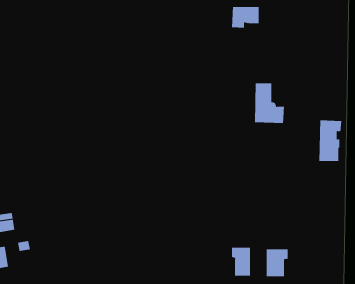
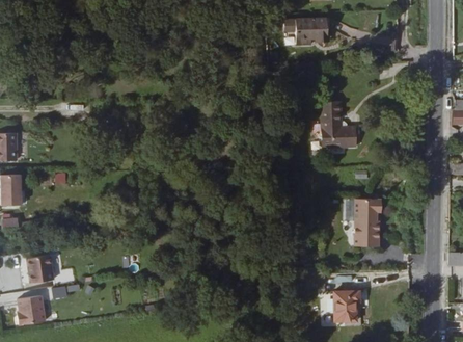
building: [318,120,342,162] -> [355,202,382,249]
building: [232,247,250,276] -> none

